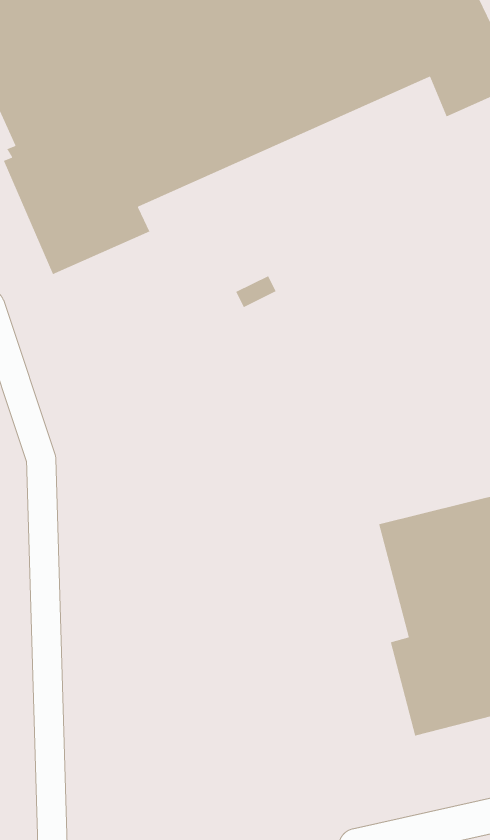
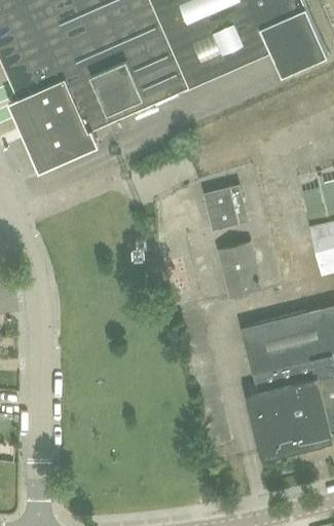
building: none -> [202,185,247,229]
building: none -> [217,241,262,297]

